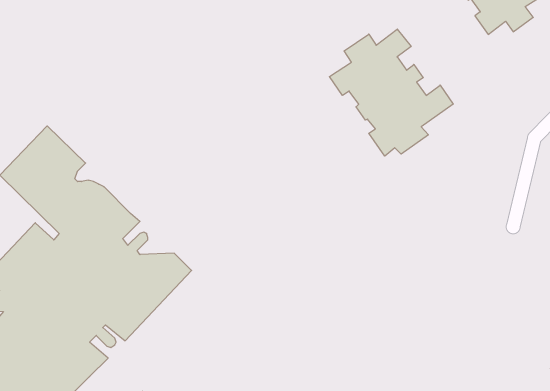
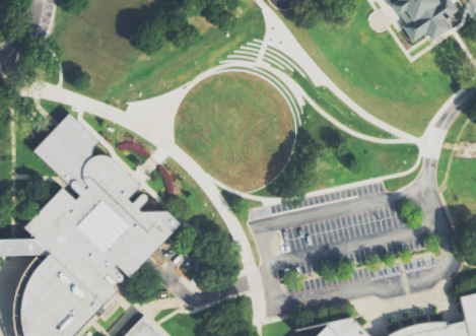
building: [329,29,453,156] -> none

